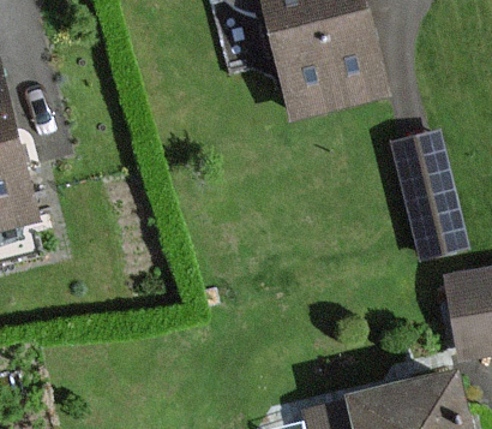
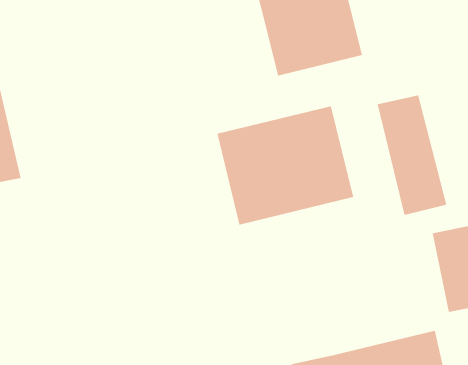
building: none -> [217,106,354,225]

